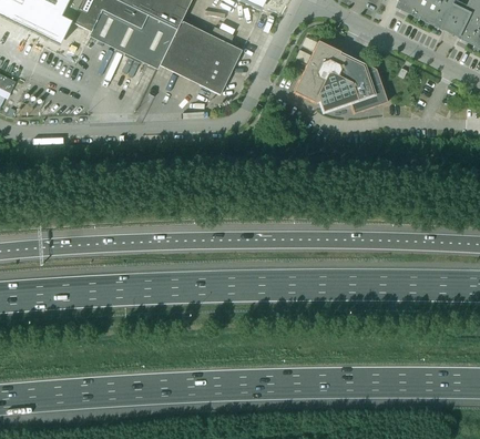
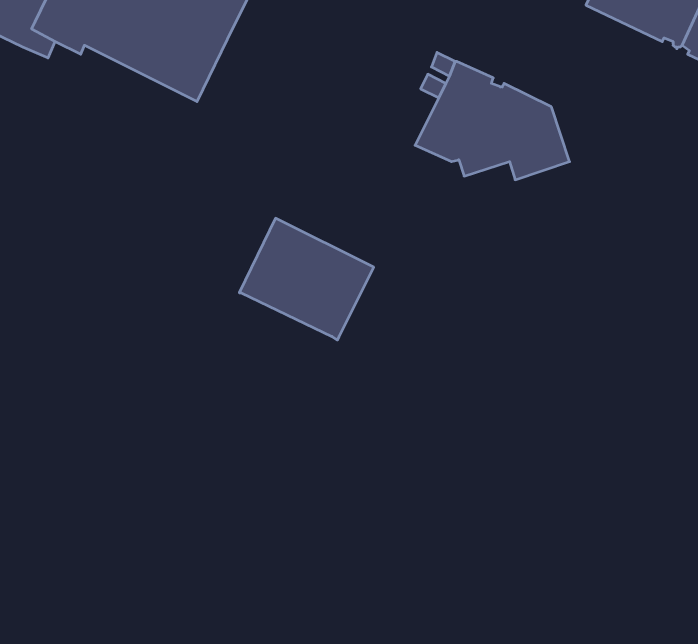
building: [159,21,241,95] -> [239,218,374,340]

